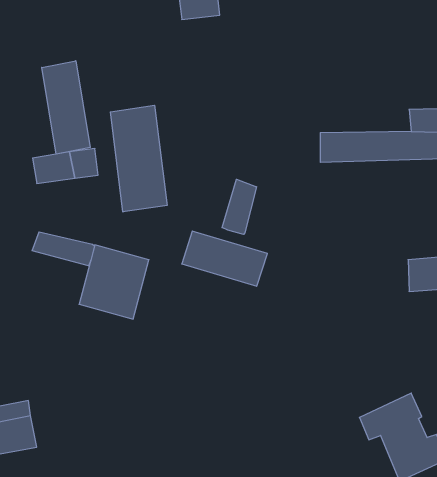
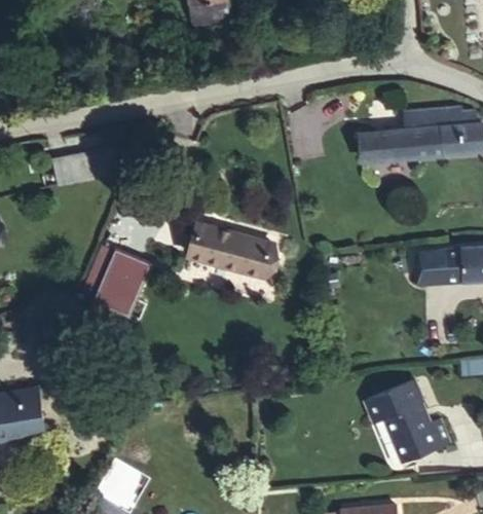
building: [42,61,90,154] -> none
building: [110,105,167,212] -> none
building: [222,179,257,234] -> none
building: [32,232,94,266] -> none

